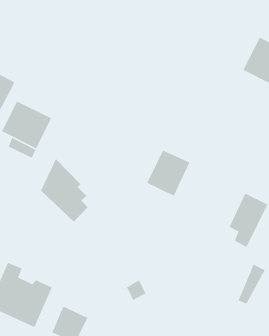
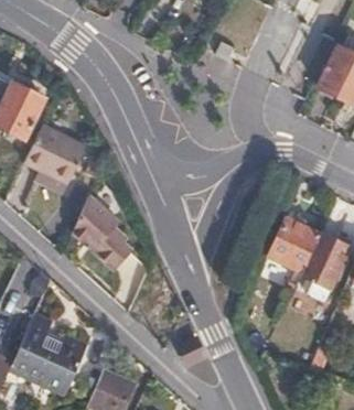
building: [146,149,191,197] -> [268,218,322,276]

